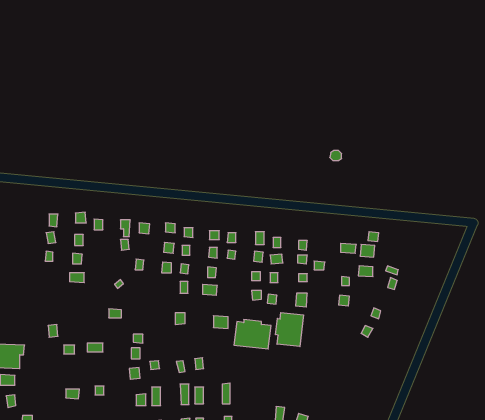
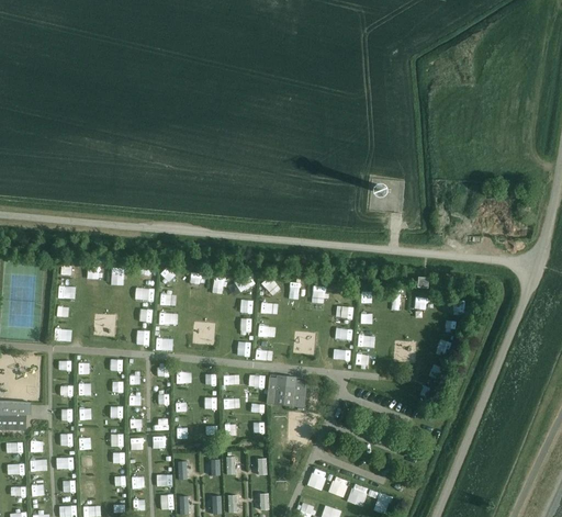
building: [275,313,303,347] -> none

